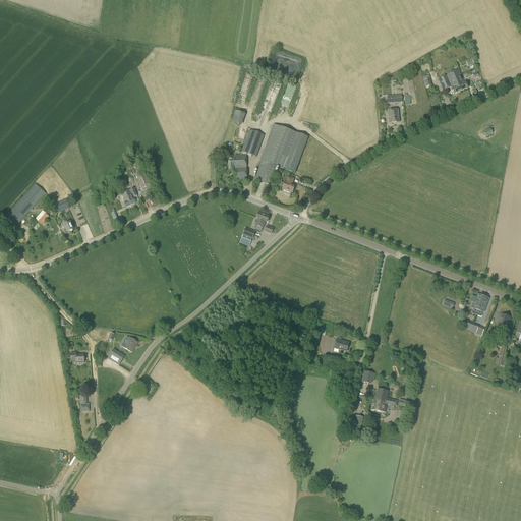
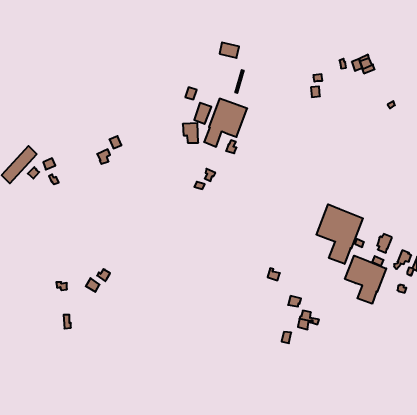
building: none -> [316,204,363,264]
building: none -> [345,256,386,304]

